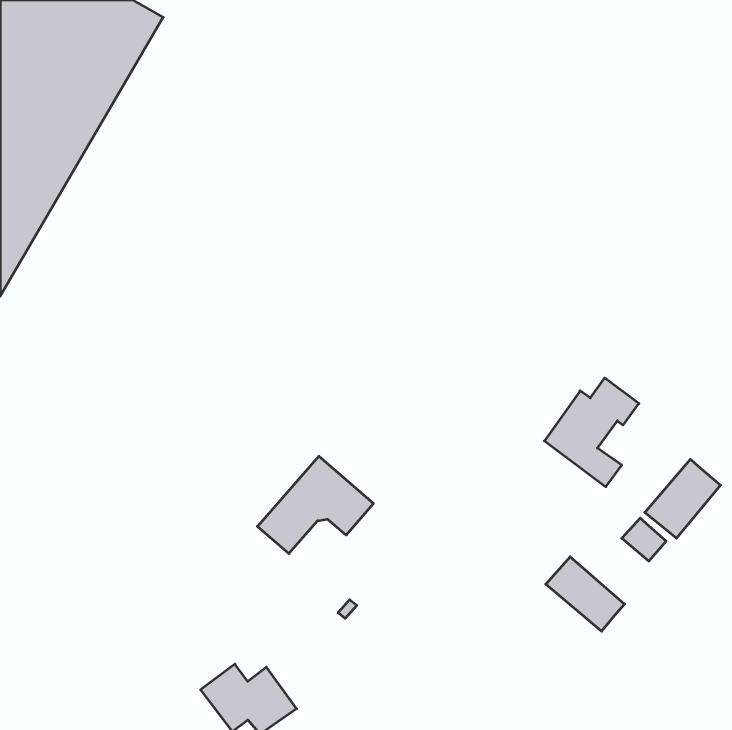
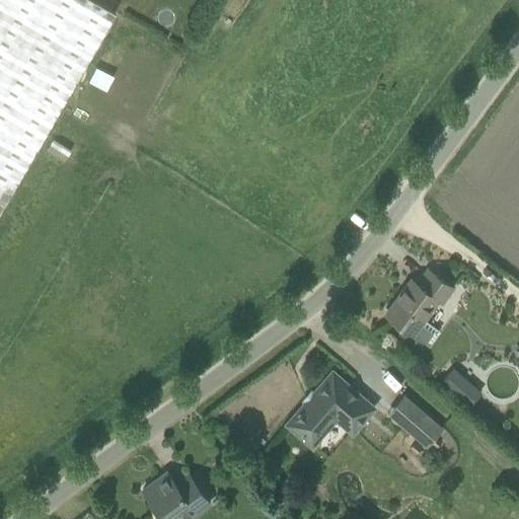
building: [257,456,373,554] -> [289,374,371,443]
building: [645,459,721,538] -> none

